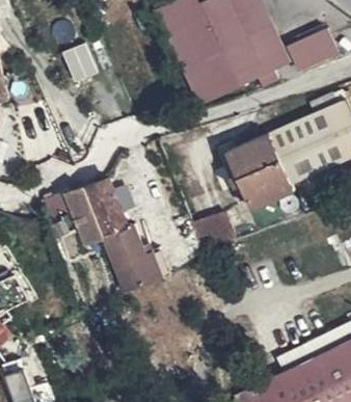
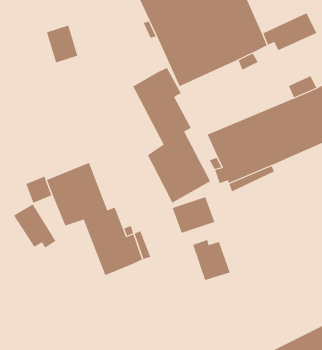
building: none -> [132,67,211,204]
building: none -> [13,204,56,248]
building: none -> [193,239,231,281]

